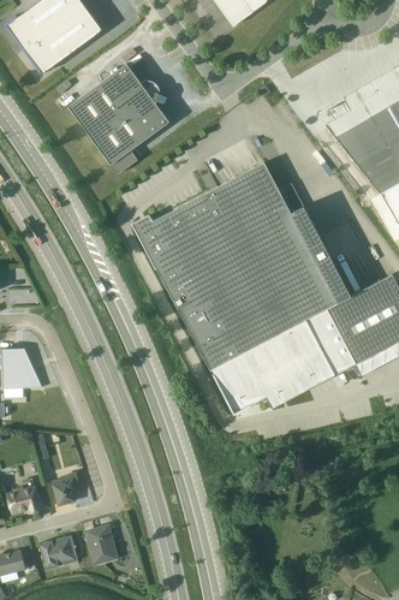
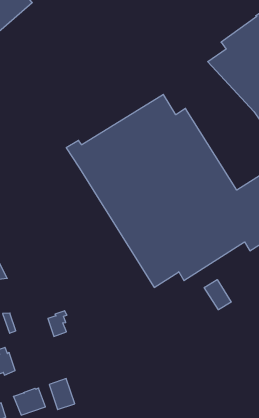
building: [67,63,168,173] -> none
building: none -> [204,280,231,310]
building: [52,473,77,505] -> [48,311,67,336]

